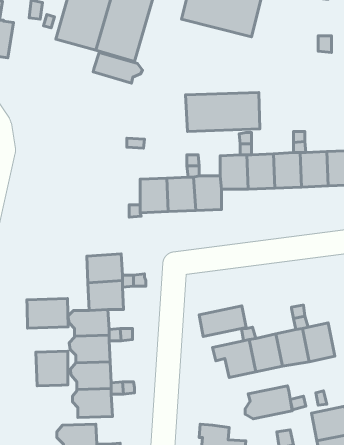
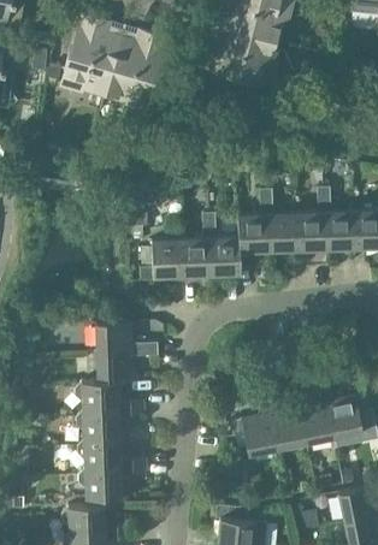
building: [93,52,143,83] -> none
building: [186,93,260,131] -> none
building: [27,299,68,328] -> none
building: [199,306,246,336] -> none
building: [36,351,68,386] -> none
building: [245,386,292,419] -> none

